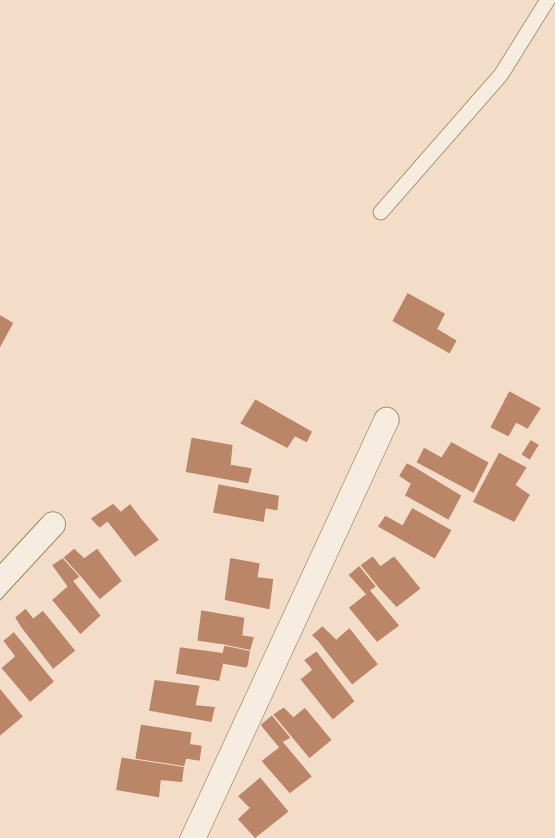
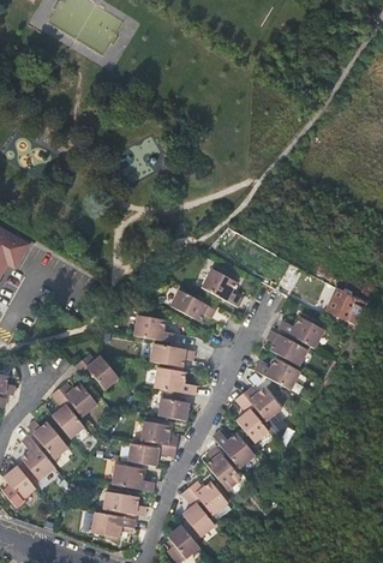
building: [392,292,457,354] -> [202,269,243,307]
building: [472,452,531,523] -> none
building: none -> [155,369,197,395]

